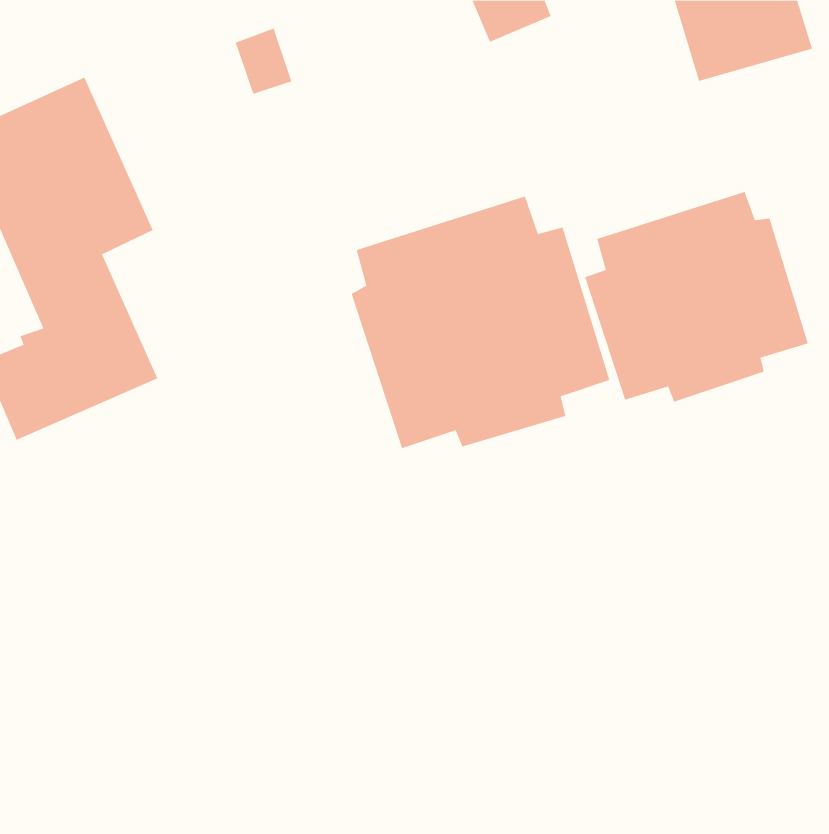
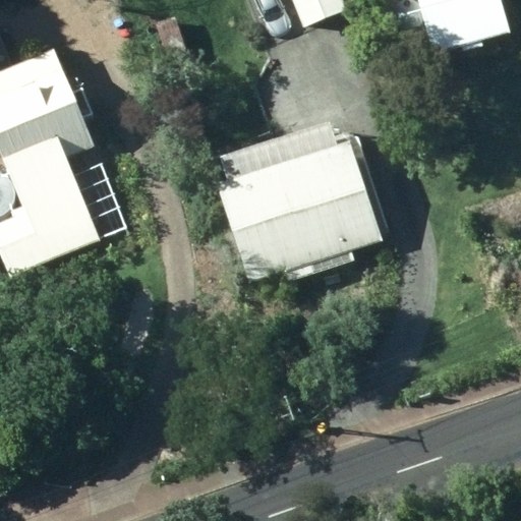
building: [584,191,809,403] -> none

